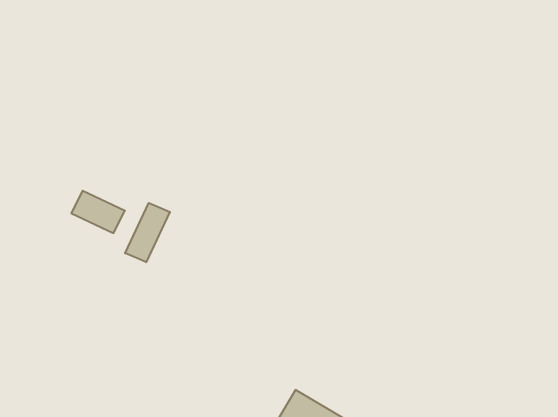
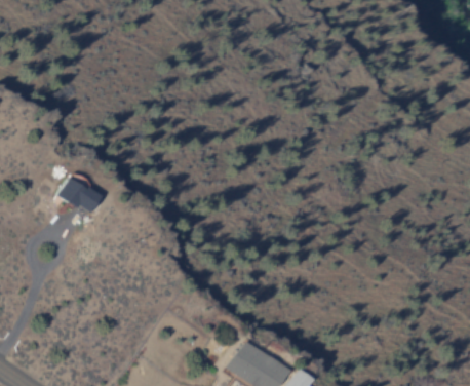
building: [125,203,170,262] -> none

